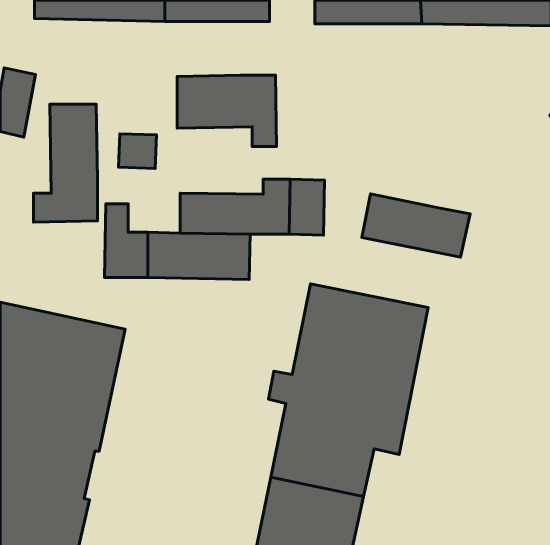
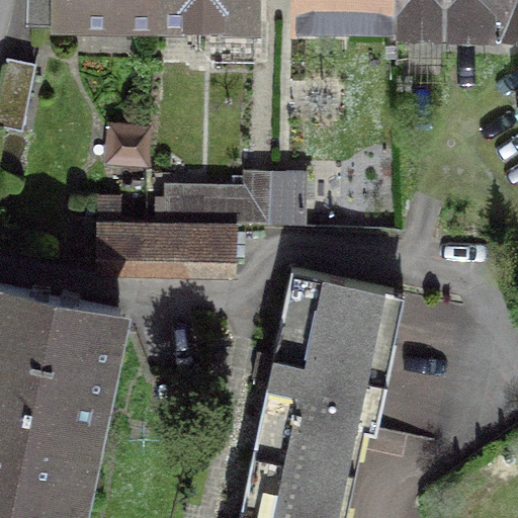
building: [177,75,276,146] -> none
building: [34,104,98,222] -> none
building: [362,194,470,257] -> none

